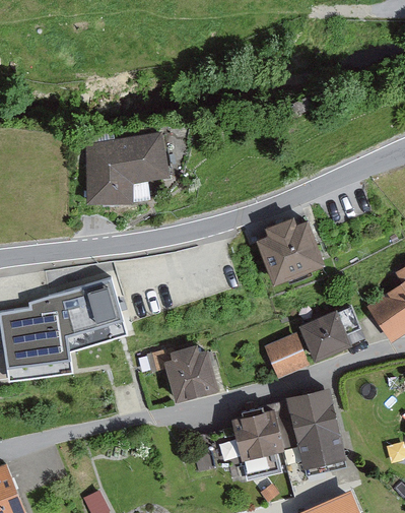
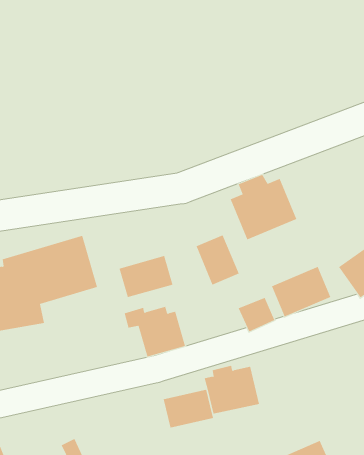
building: [92,140,183,212] -> none
building: none -> [196,234,239,285]
building: none -> [119,255,173,298]
building: [278,393,340,465] -> none

